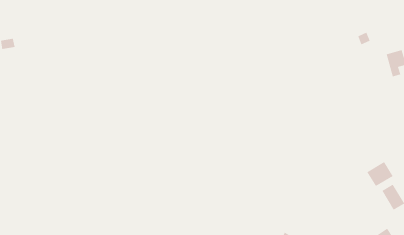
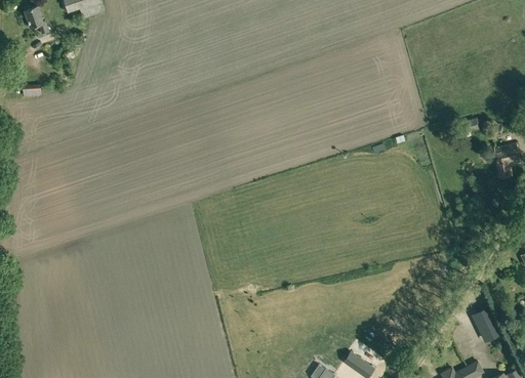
building: [367,161,393,187] -> none

